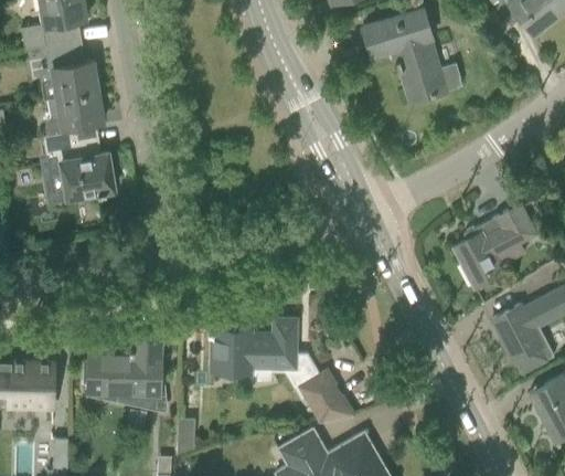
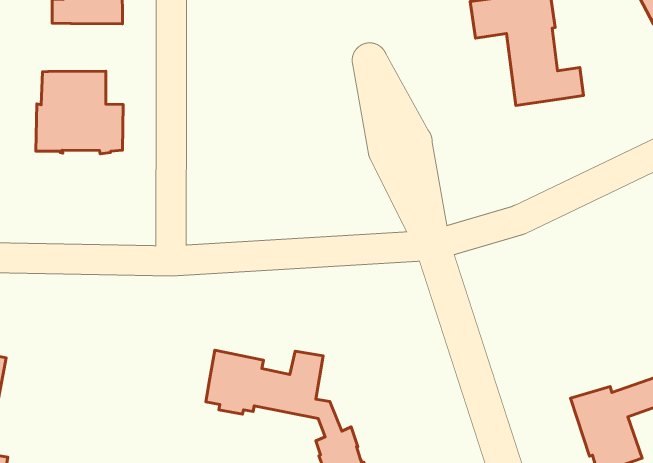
building: [45,92,105,138] -> none
building: [454,205,536,289] -> none
building: [86,338,162,409] -> none

